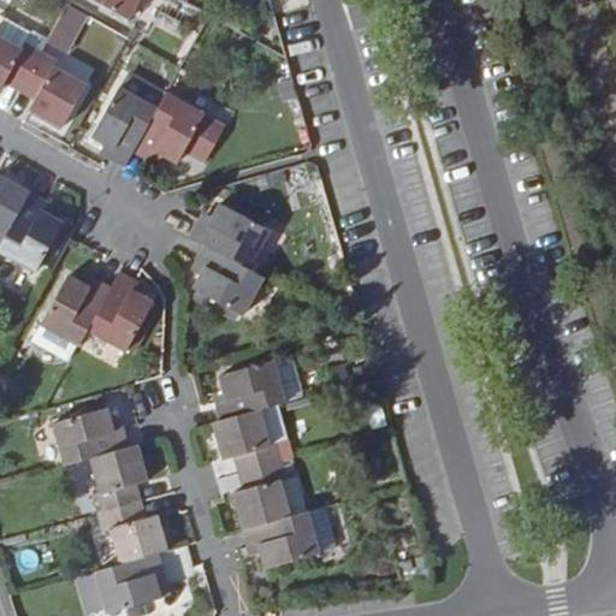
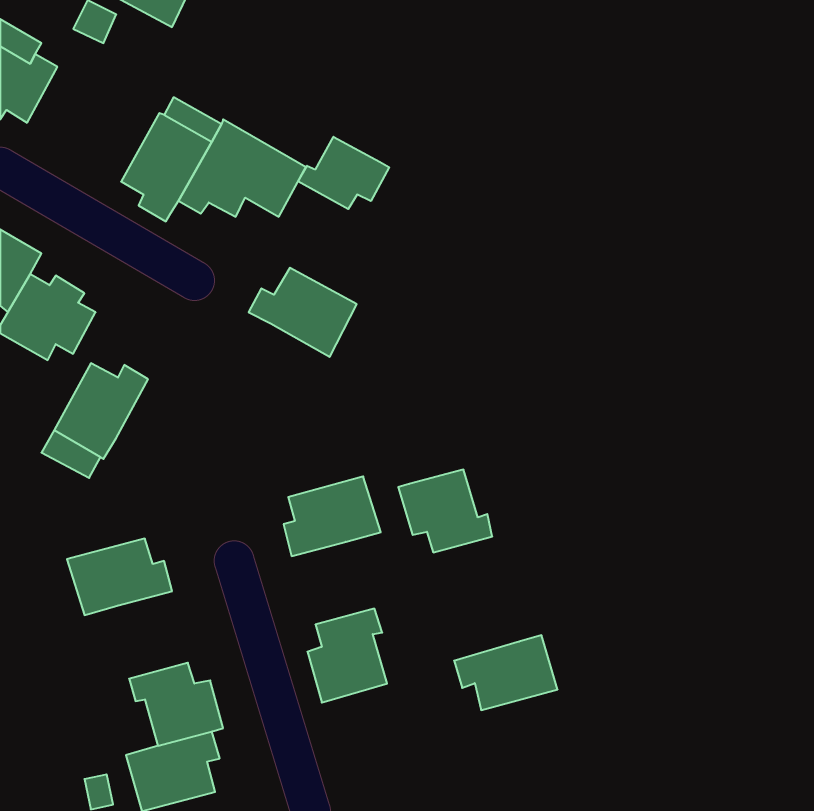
building: [20,51,87,128] -> none
building: none -> [298,137,389,209]
building: [194,244,265,315] -> none
building: [88,271,154,353] -> none
building: [212,409,283,472] -> [398,470,492,552]
building: [89,444,149,513] -> none
building: [243,511,321,568] -> [454,635,558,710]

